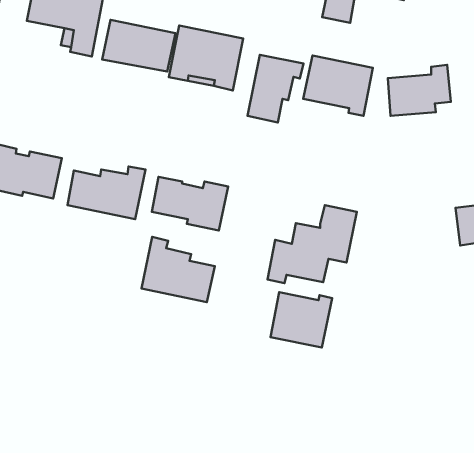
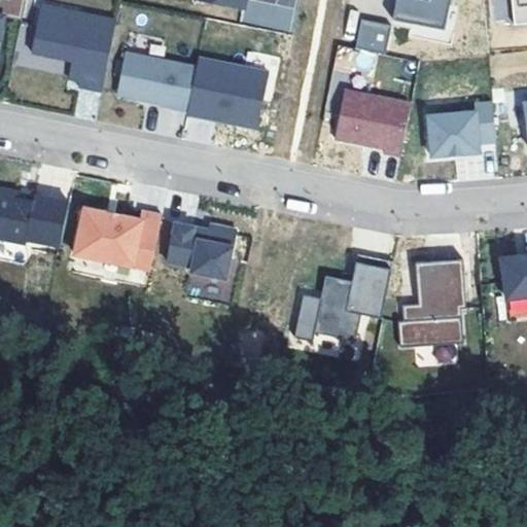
building: [247,55,303,123] -> none
building: none -> [395,258,464,345]
building: [141,237,215,302] -> none
building: [271,292,332,348] -> none

